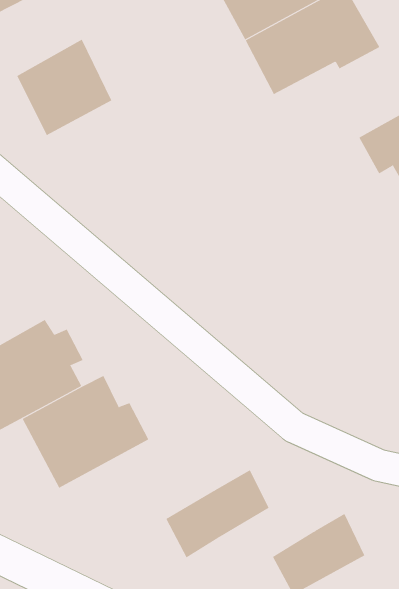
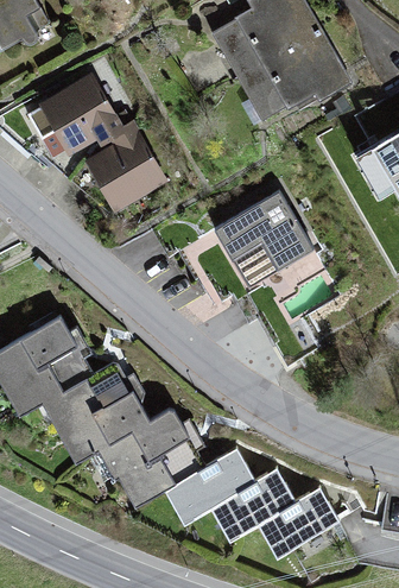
building: none -> [80,119,166,213]
building: none -> [216,195,317,292]
building: none -> [96,409,208,507]
building: none -> [211,466,294,540]

